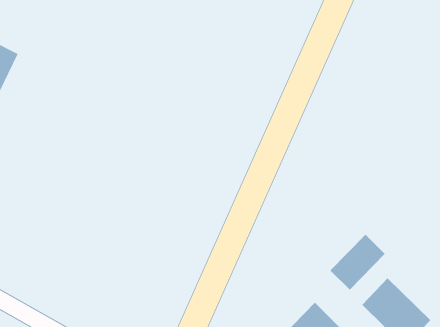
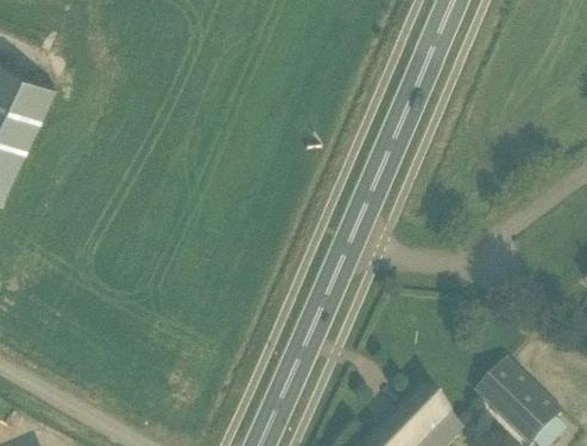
building: [330,234,386,291] -> none

